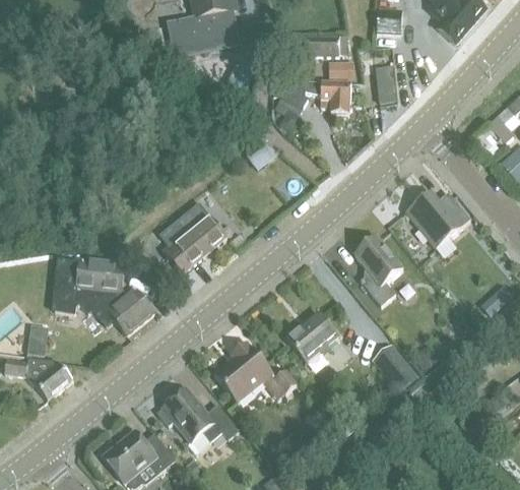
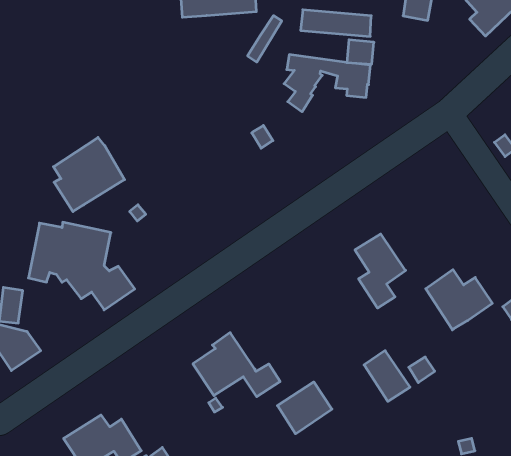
building: [378,59,396,100] -> none
building: [406,191,469,247] -> [426,270,492,330]
building: [159,203,226,274] -> [53,137,125,212]
building: [286,312,337,362] -> [277,382,332,434]
building: [156,387,239,441] -> none

